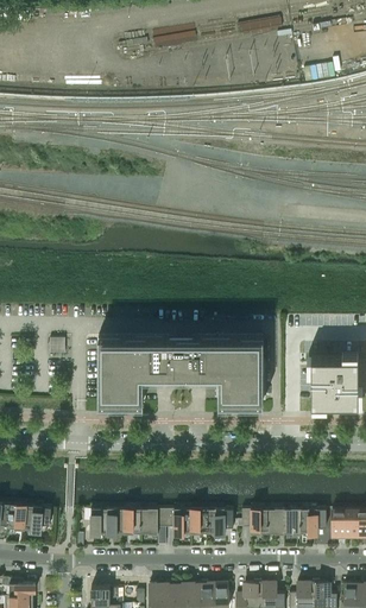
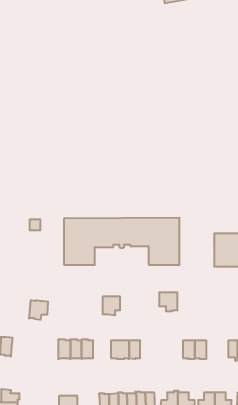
building: [24,506,51,533] -> [29,300,48,320]
building: [140,509,165,536] -> [103,297,120,315]
building: [207,509,233,536] -> none
building: [241,509,267,536] -> [159,293,178,311]
building: [301,509,326,536] -> none

